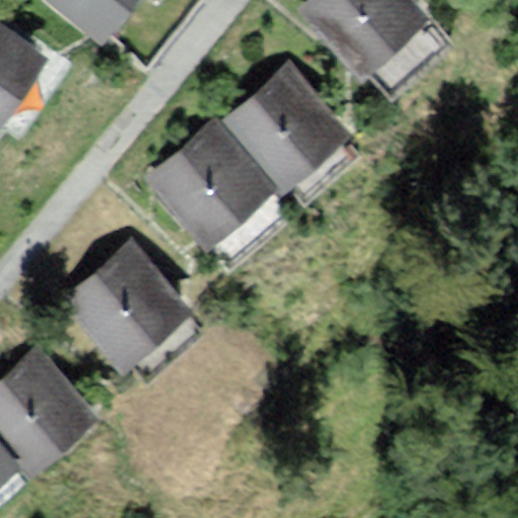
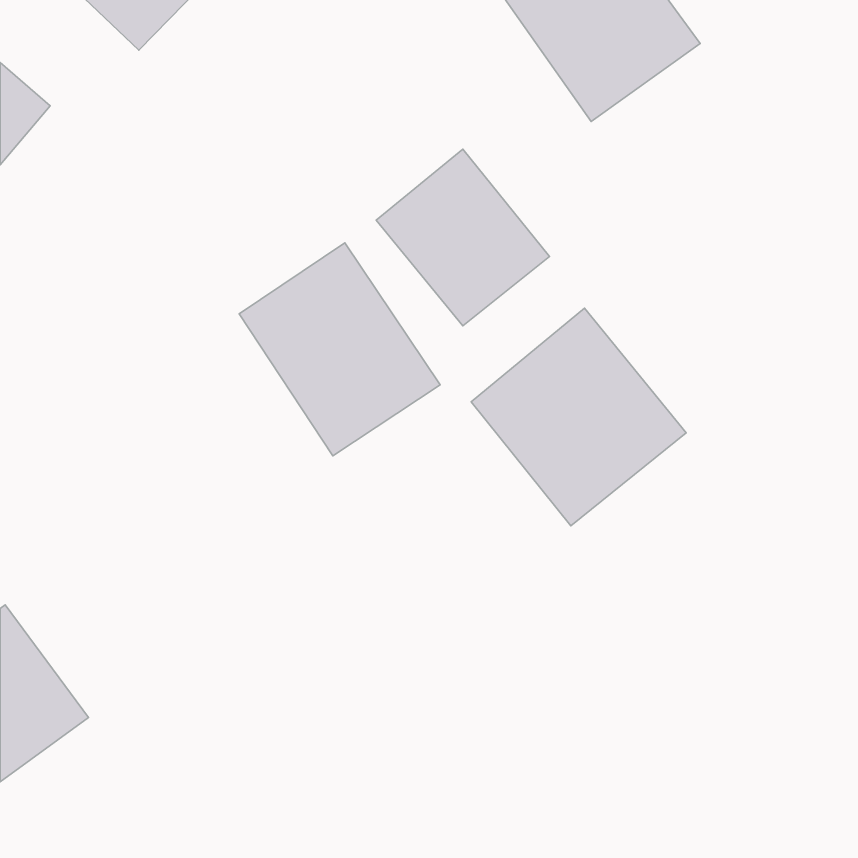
building: none -> [471,308,686,526]
building: [47,246,178,373] -> none

